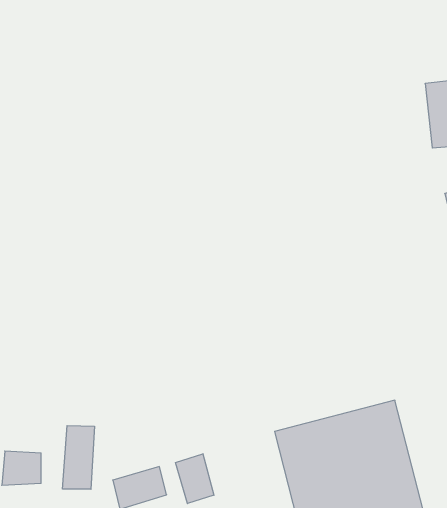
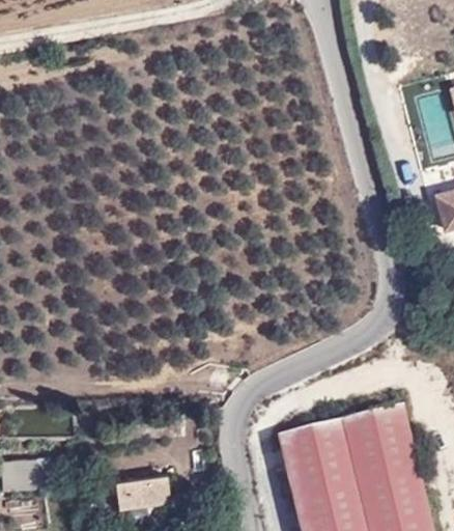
building: [63,426,94,489] -> none
building: [176,454,214,504] -> none

